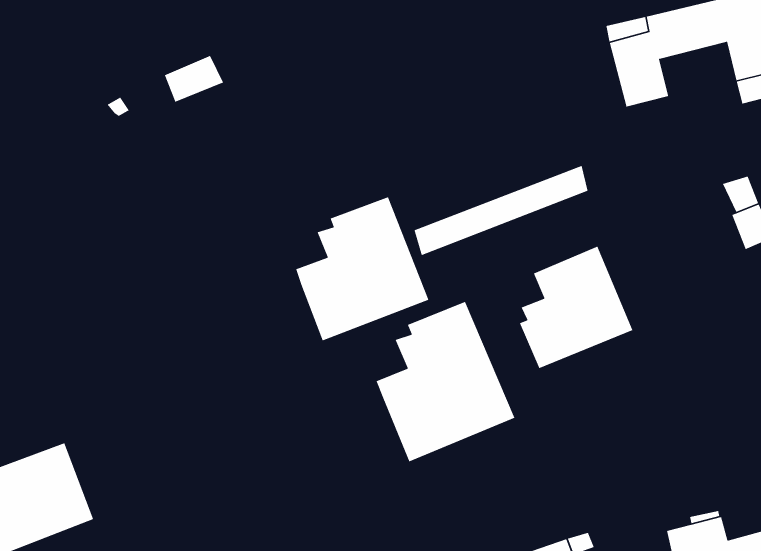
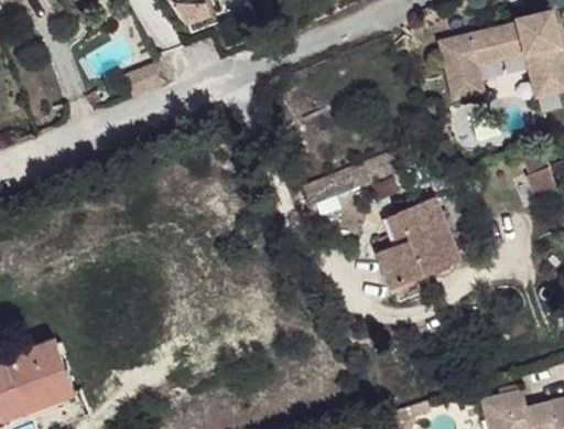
building: [295,196,430,342] -> none
building: [376,301,516,463] -> none

